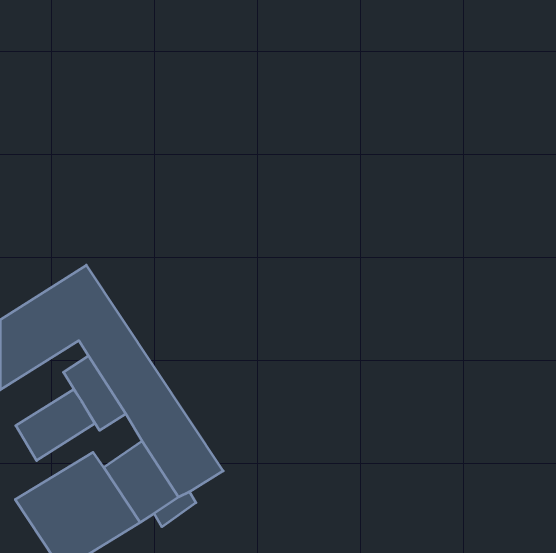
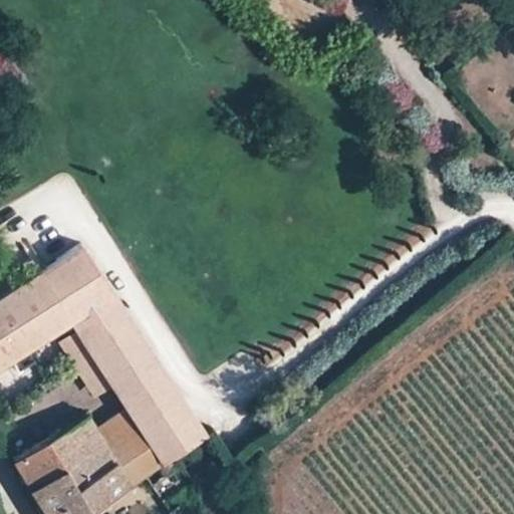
building: [16,389,95,461] -> none

